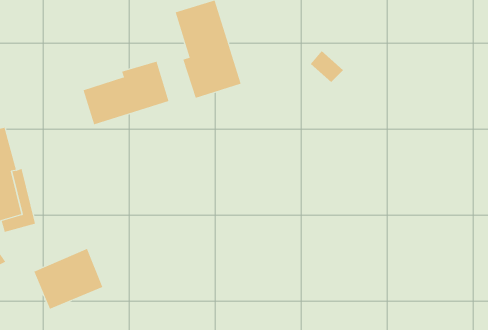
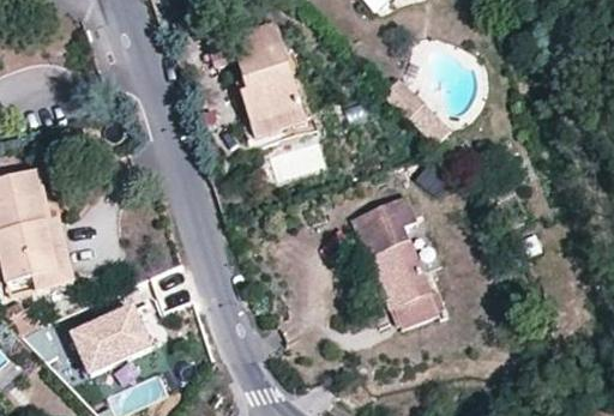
building: [83,61,169,125] -> none
building: none -> [354,197,439,328]

